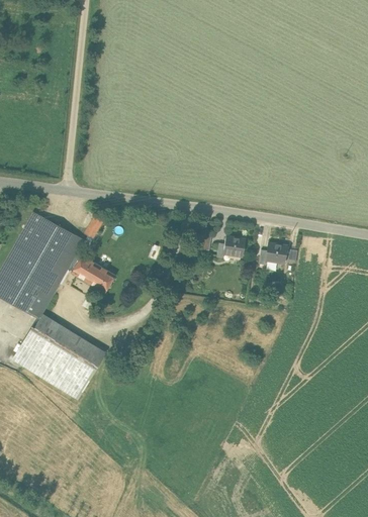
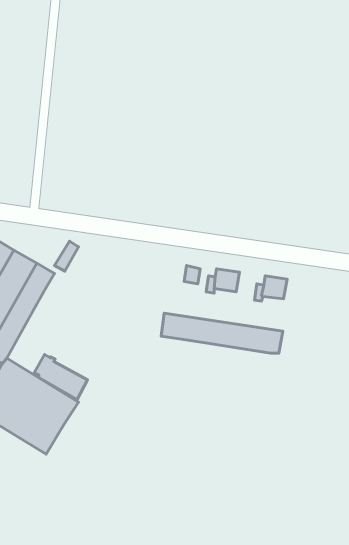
building: [68,252,114,292] -> [34,354,87,400]
building: none -> [161,313,283,353]

